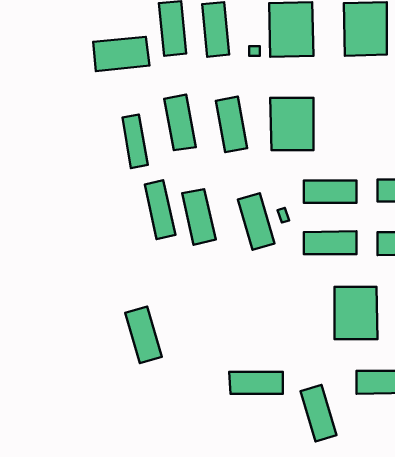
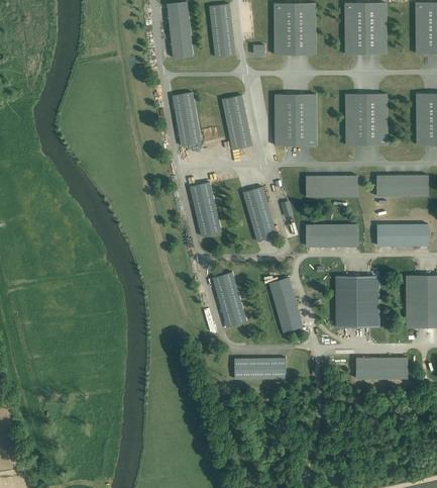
building: [93,37,150,71] -> none
building: none -> [345,93,387,143]
building: [122,115,148,168] -> none
building: [145,180,175,239] -> none
building: [125,307,162,363] -> [212,273,247,327]
building: [301,385,336,442] -> [267,278,302,332]

